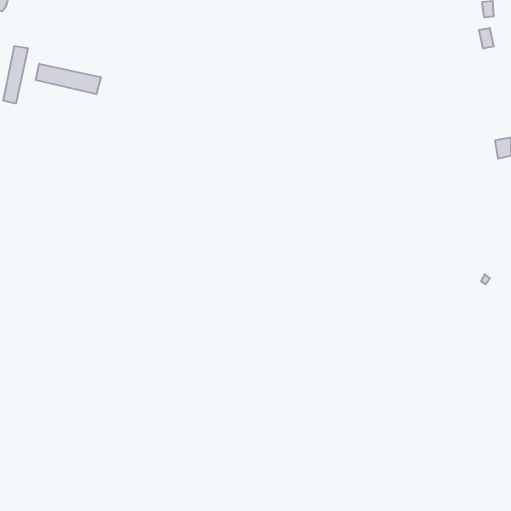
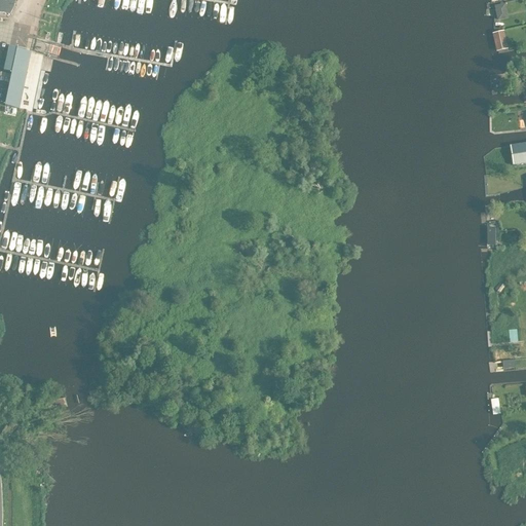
building: [36,64,101,94] -> none

